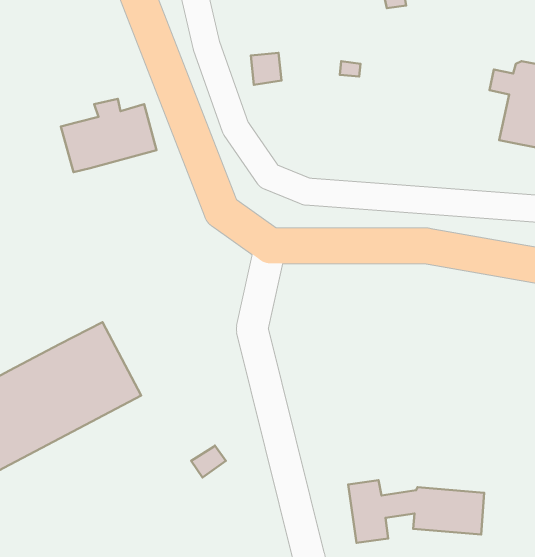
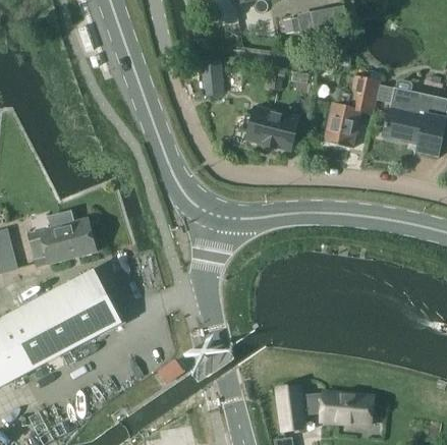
building: none -> [325,75,380,148]
building: [61,99,157,172] -> [26,213,97,267]
building: none -> [245,106,299,152]

